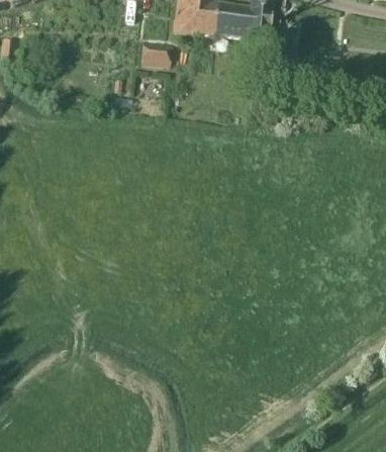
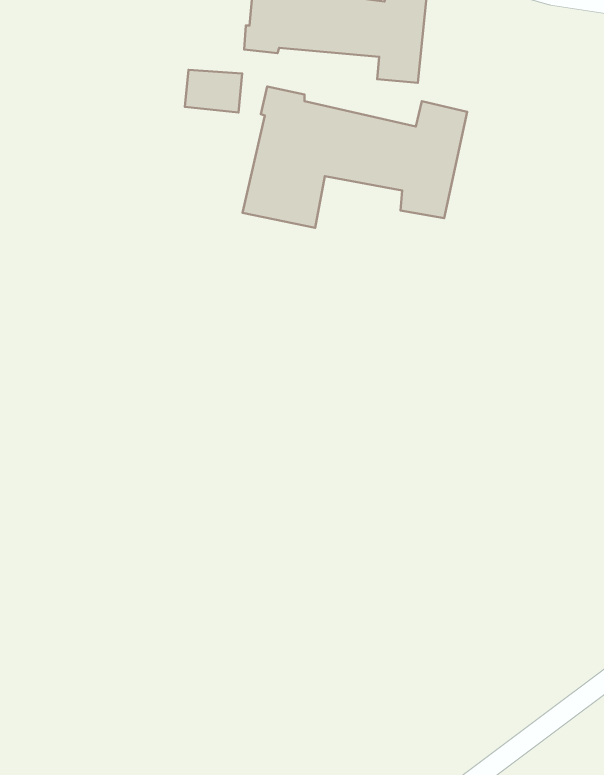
building: none -> [243,87,467,228]

